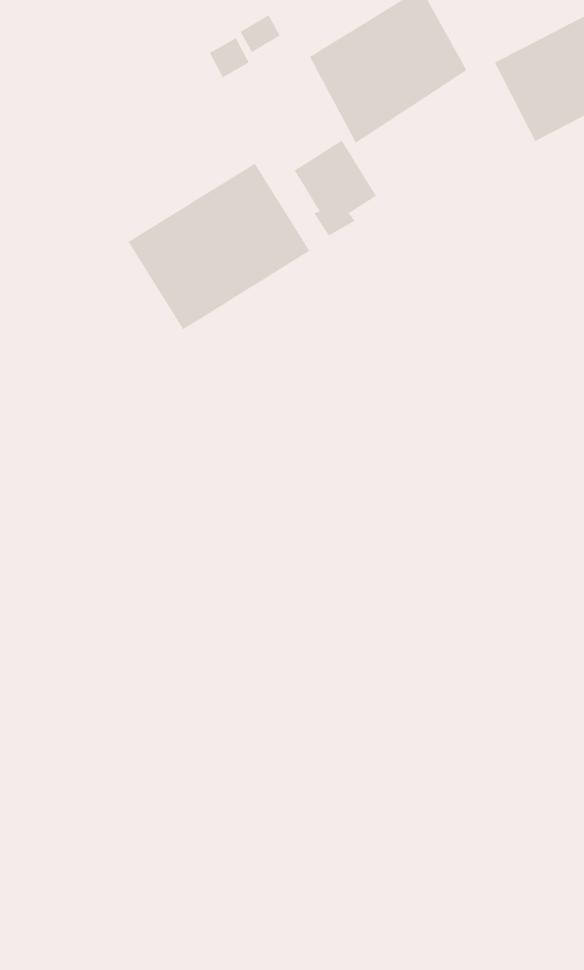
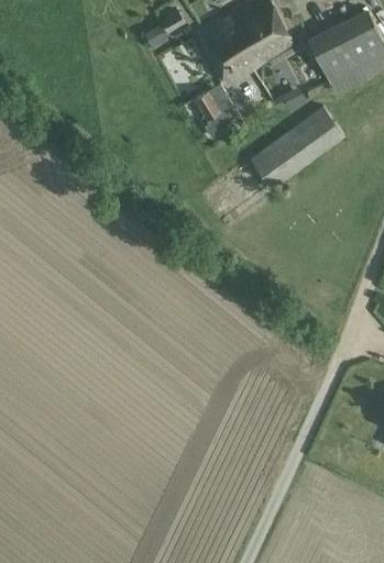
building: [128,163,310,330] -> none
building: none -> [252,108,347,191]

